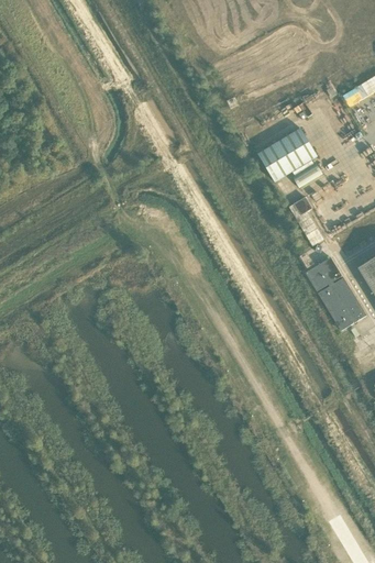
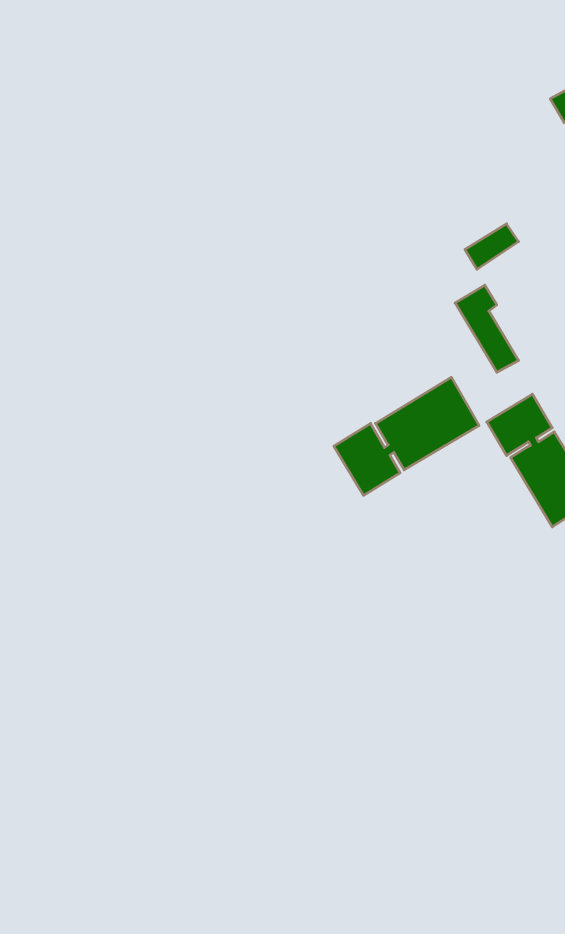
building: [257,128,317,180] -> none
building: none -> [334,377,479,495]

